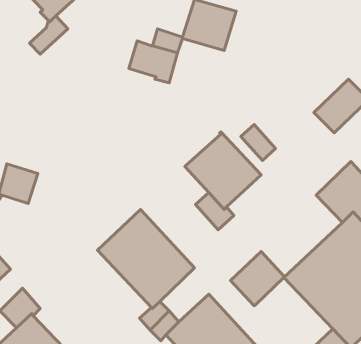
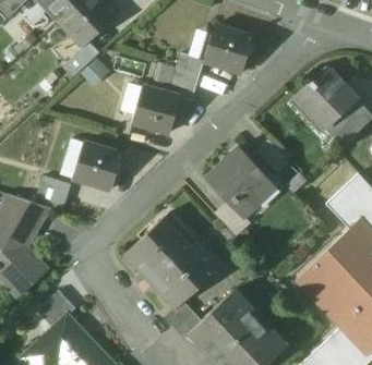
building: none -> [293,71,356,130]
building: none -> [131,86,180,134]
building: none -> [73,143,122,190]
building: [231,251,285,306] -> none

